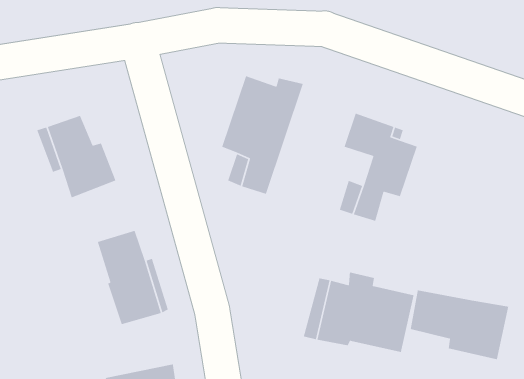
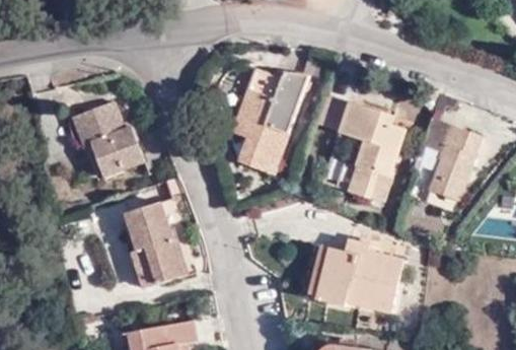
building: none -> [421,117,481,201]
building: [410,289,509,360] -> none

